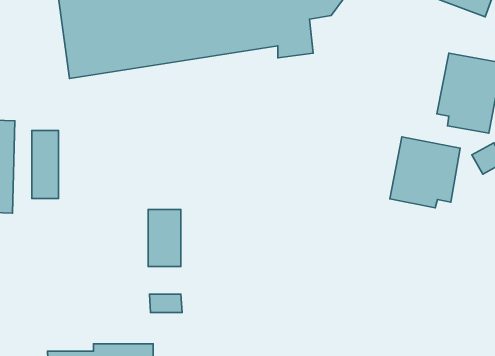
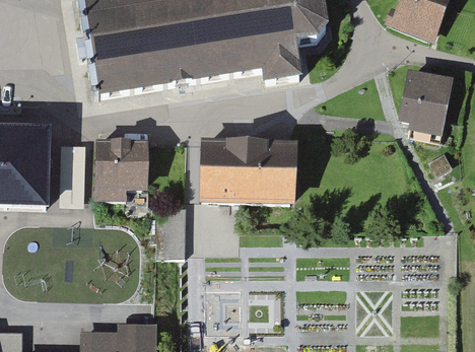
building: none -> [92,137,146,201]
building: none -> [201,139,298,199]
building: [390,137,460,208] -> none

